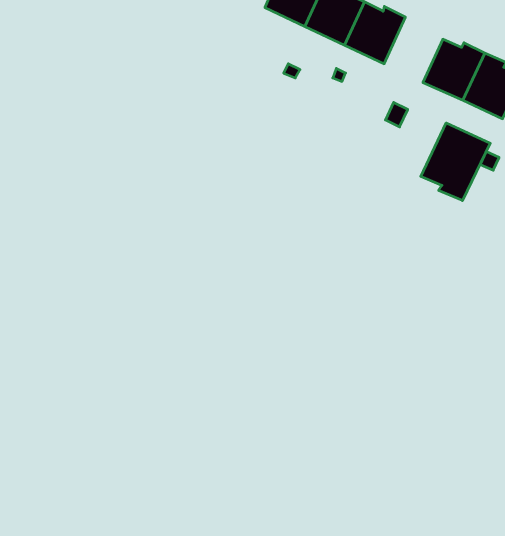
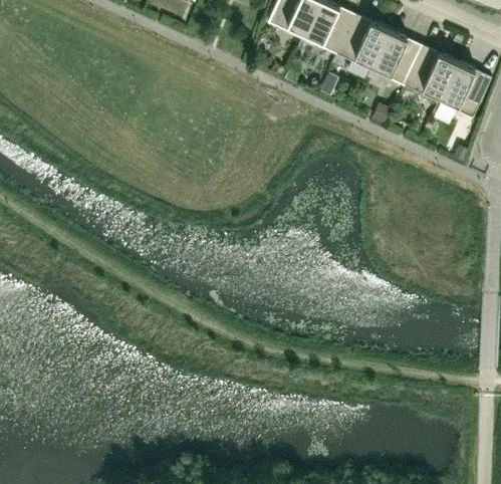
building: none -> [370,28,421,84]
building: [421,123,490,201] -> none

